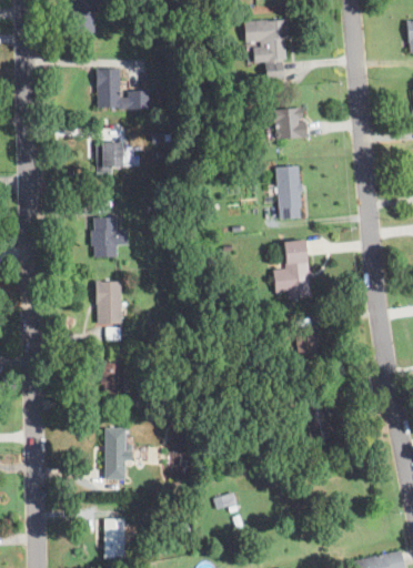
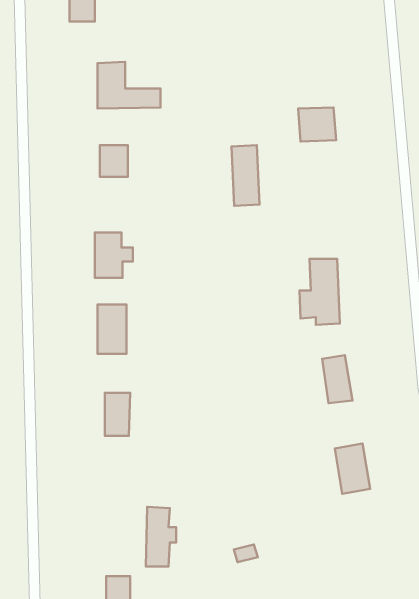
building: [246,19,288,78] -> none
building: [276,165,301,219] -> [232,145,259,206]
building: [104,428,131,480] -> [146,507,176,566]

